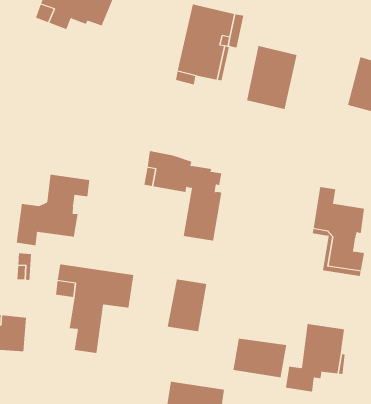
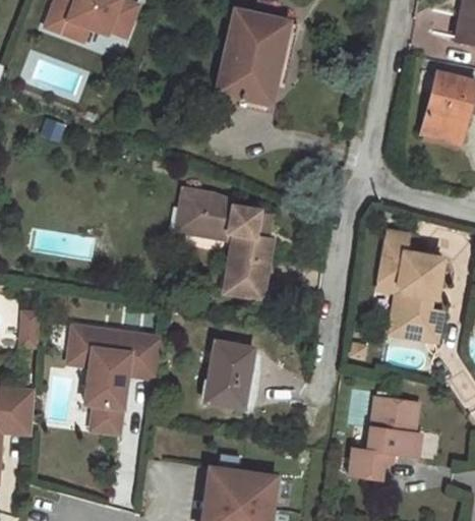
building: [247,45,297,110] -> none
building: [16,174,90,246] -> none
building: [233,338,287,378] -> none

